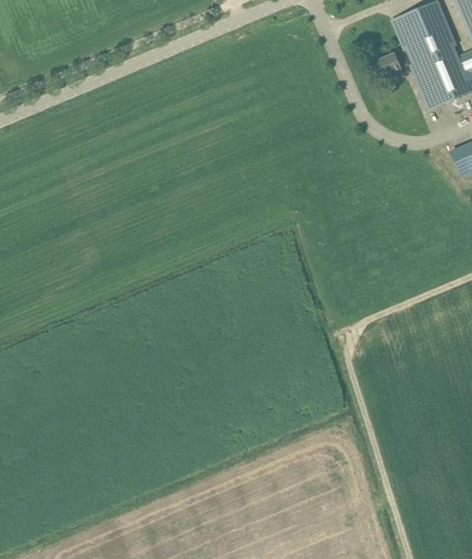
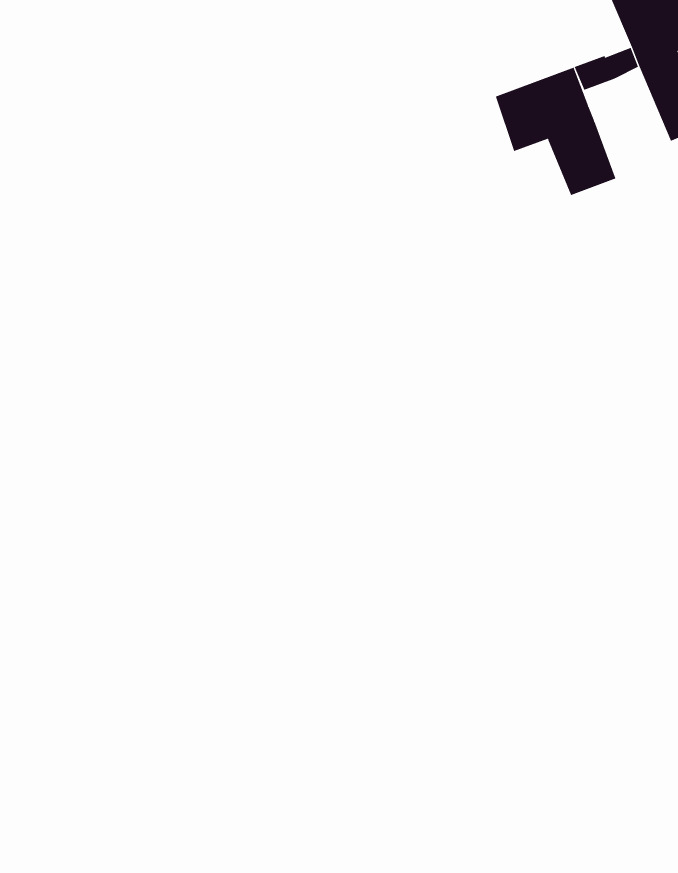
building: none -> [495,67,616,196]

